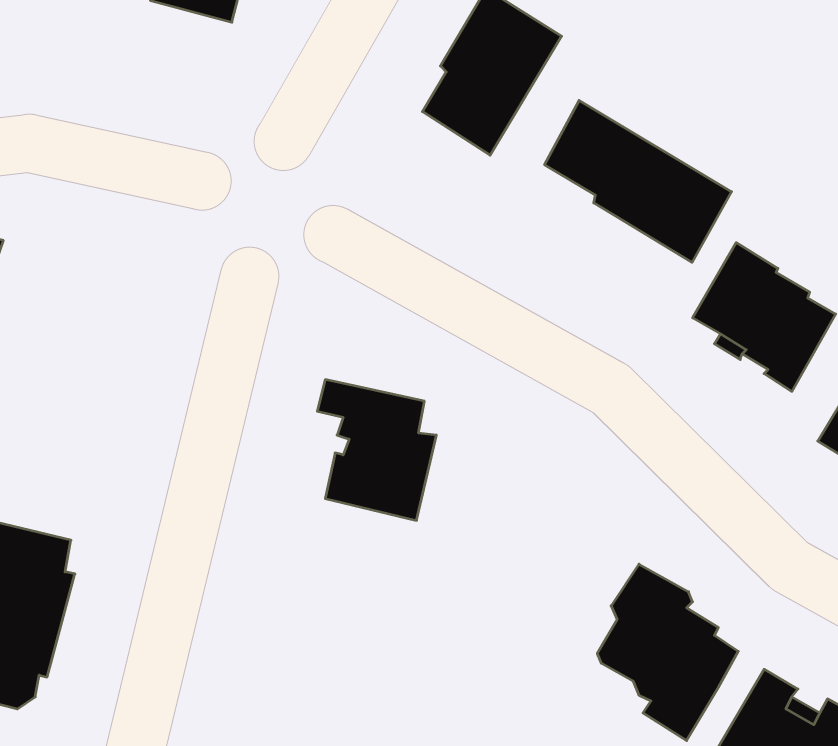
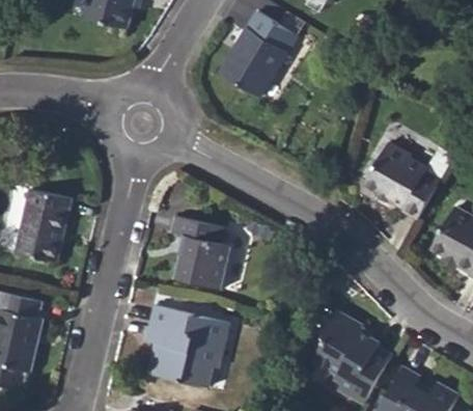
building: [545,100,732,262] -> none
building: none -> [15,188,72,263]
building: none -> [145,303,229,387]

